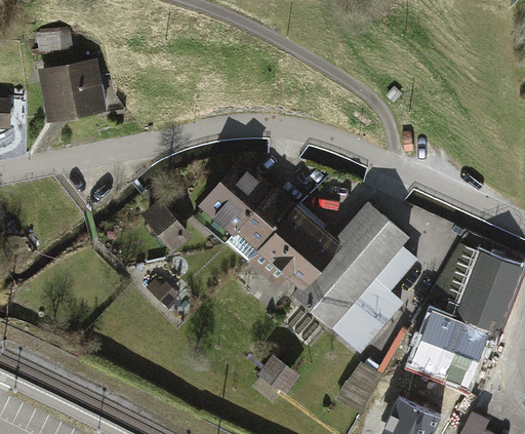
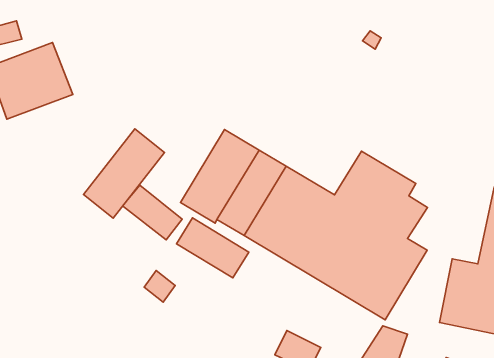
building: none -> [84,129,164,218]
building: none -> [176,218,249,278]

